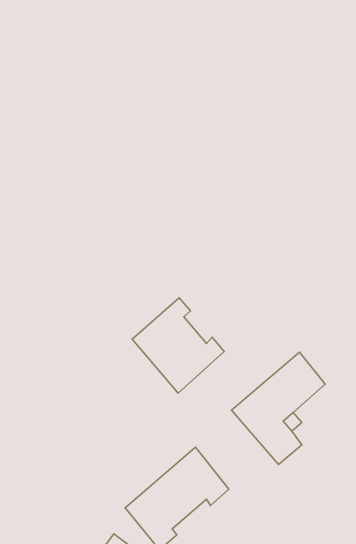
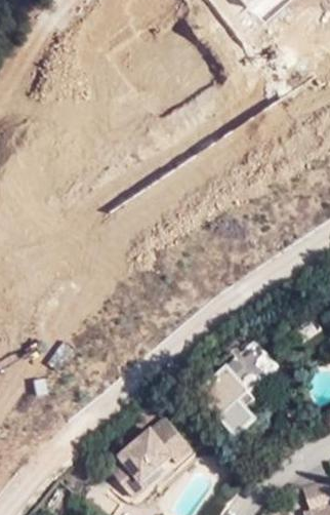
building: [132,298,224,393] -> none

